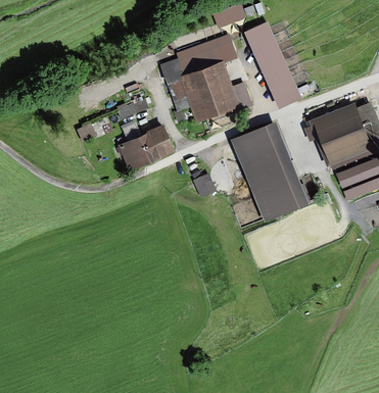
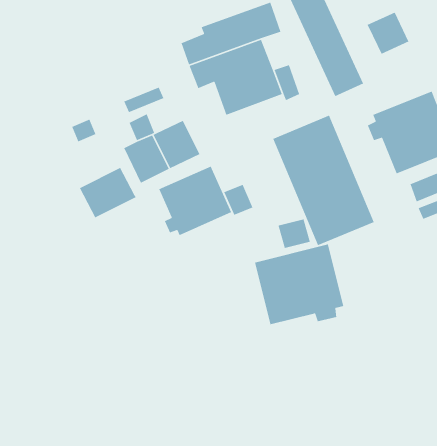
building: none -> [367,12,410,55]
building: none -> [158,165,232,236]
building: none -> [79,167,137,218]
building: none -> [254,244,344,325]

